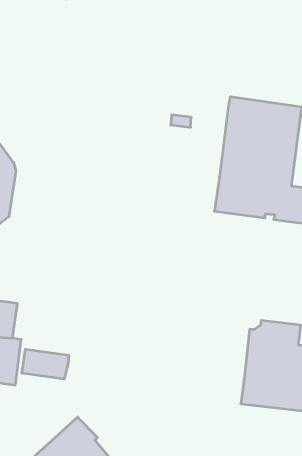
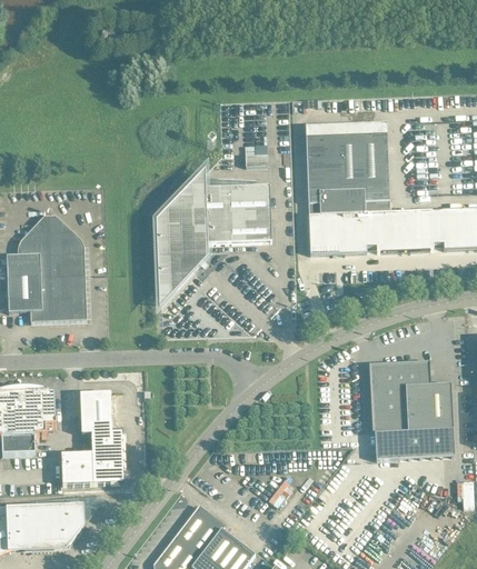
building: none -> [157,172,270,302]
building: [22,349,69,379] -> none

